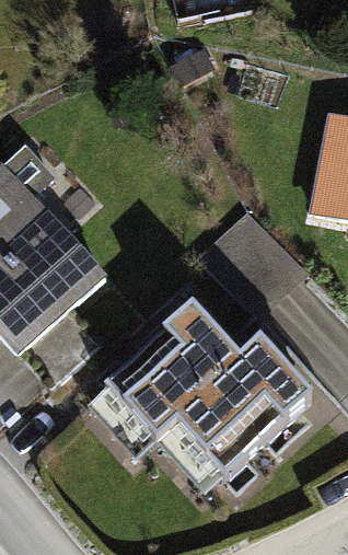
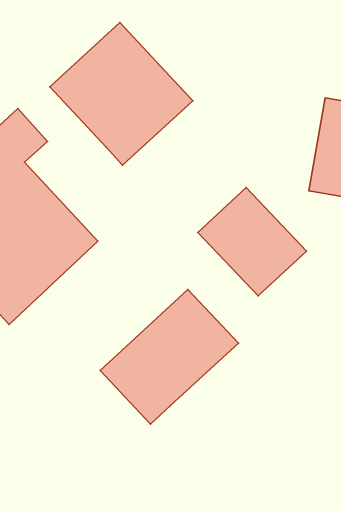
building: none -> [50,22,193,165]
building: [174,349,312,484] -> none

